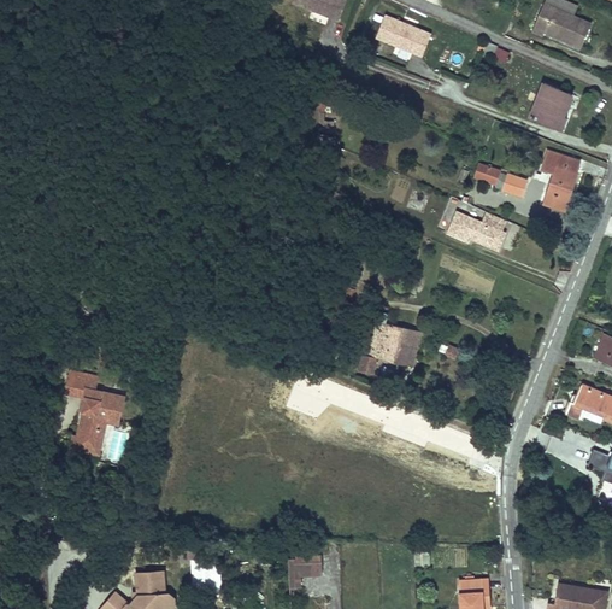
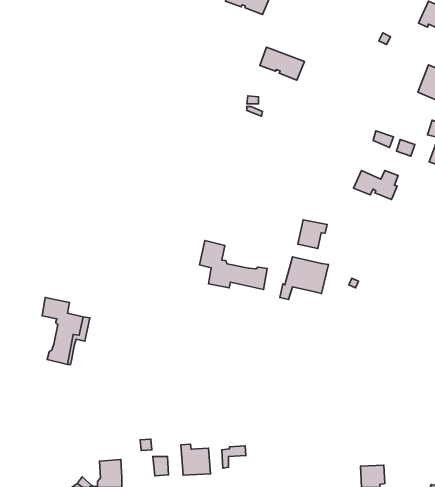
building: [376,14,431,55] -> [260,47,304,80]
building: none -> [298,220,327,248]
building: none -> [200,241,267,289]
building: none -> [181,444,210,475]

